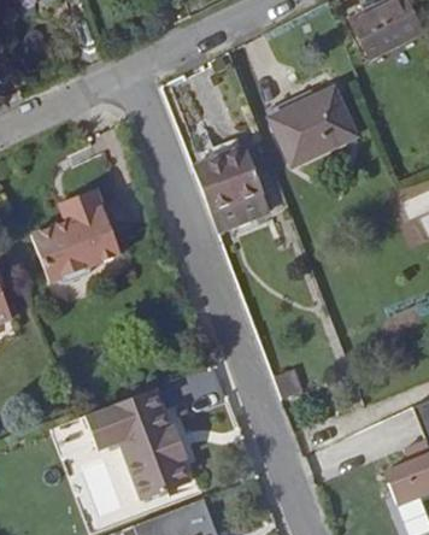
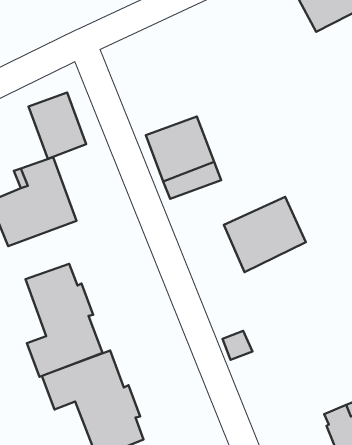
building: [270,88,355,166] -> [224,197,306,272]
building: none -> [28,93,86,159]
building: none -> [25,264,103,377]

